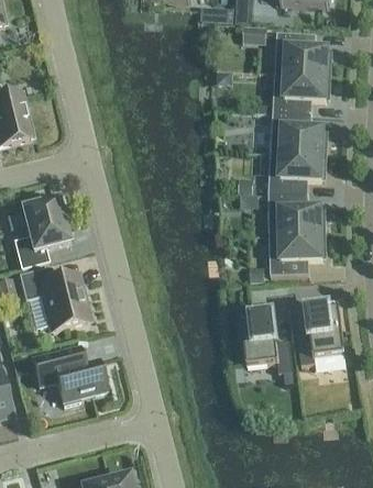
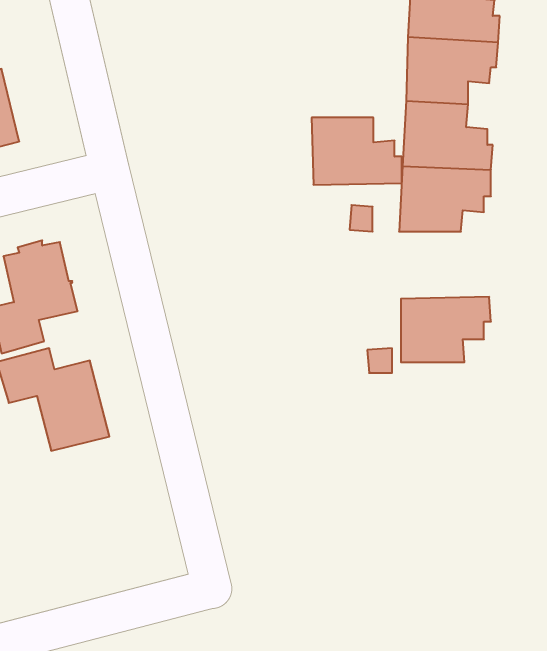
building: [270,192,326,234] -> [312,118,402,185]
building: [298,307,345,364] -> none
building: [242,315,294,373] -> none
building: [31,343,108,404] -> none

